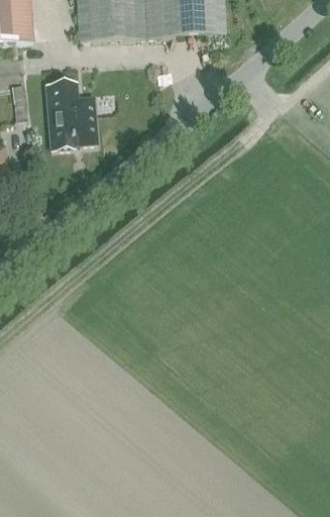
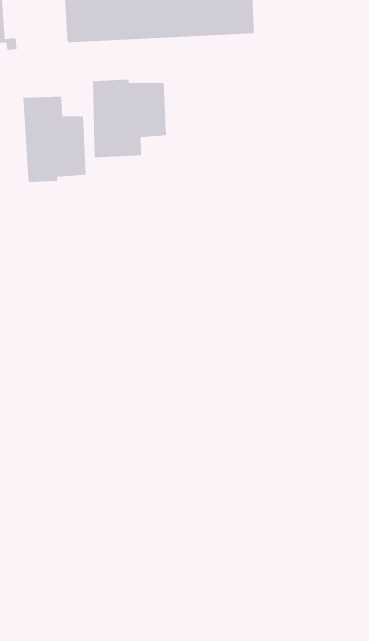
building: none -> [93,79,166,158]

